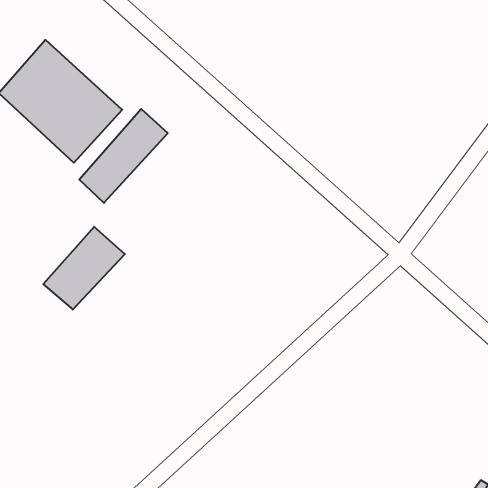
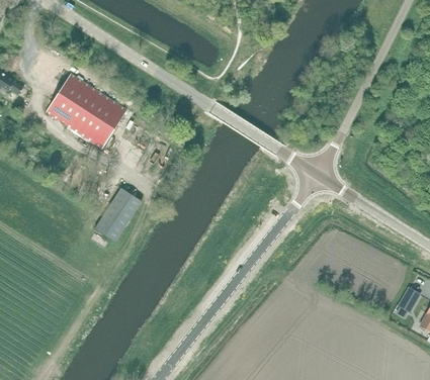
building: [79,109,168,203] -> none

